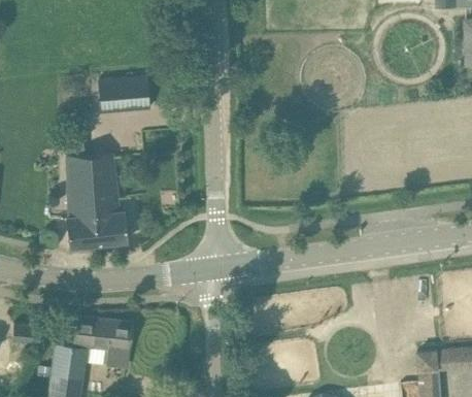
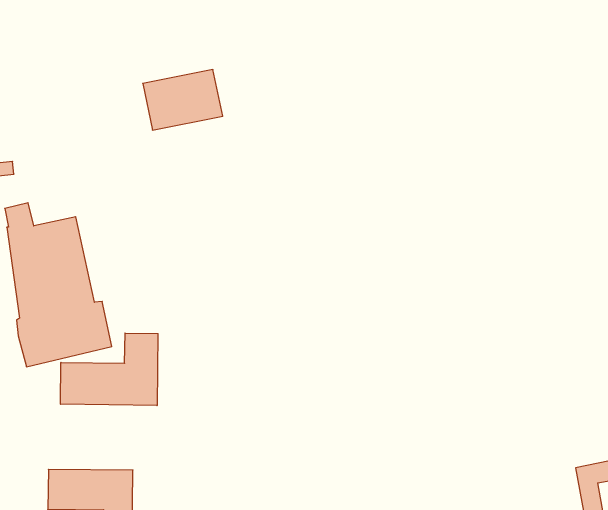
building: [98,78,147,113] -> [143,70,223,130]
building: none -> [61,333,158,406]

